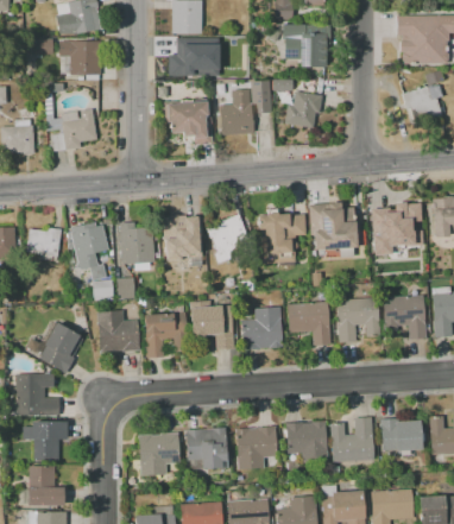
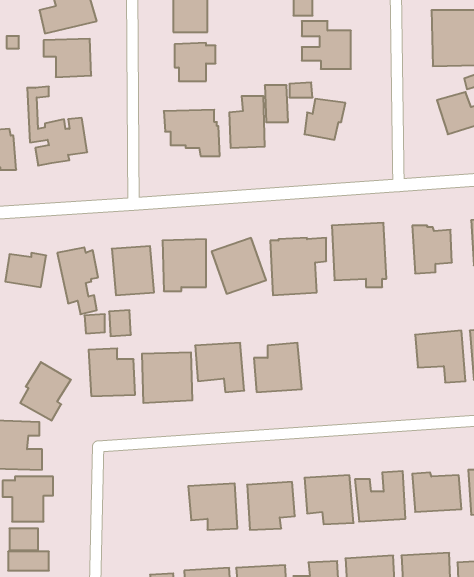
building: [338,297,382,340] -> none
building: [288,302,332,346] -> none
building: [140,433,181,475] -> none

